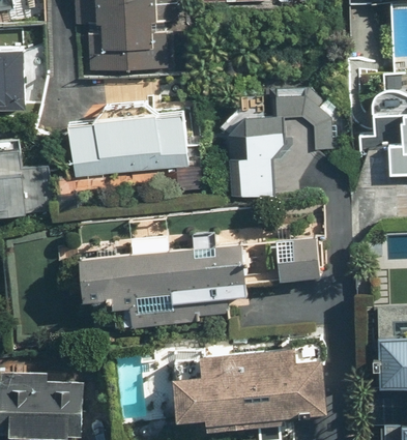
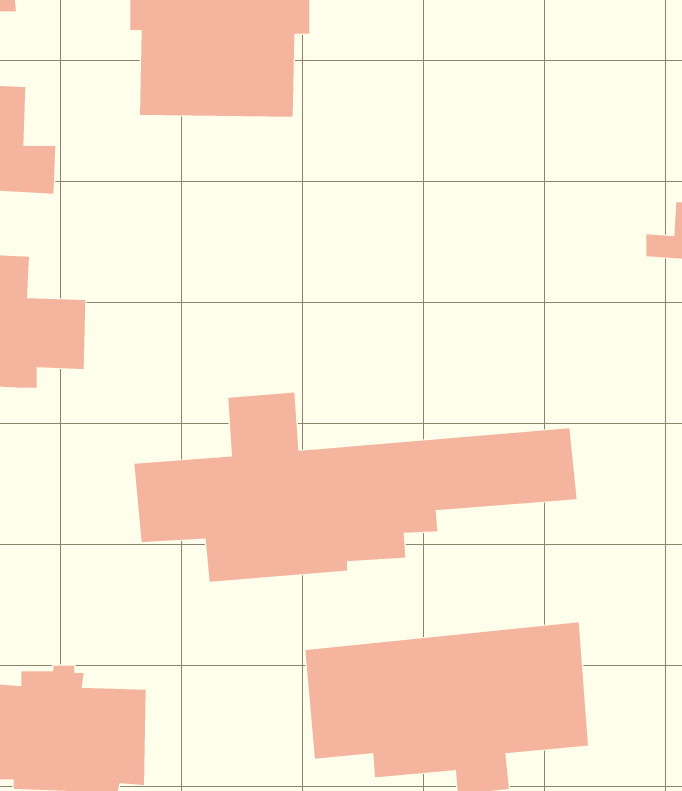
building: [231,84,337,195] -> none
building: [70,116,187,178] -> none

